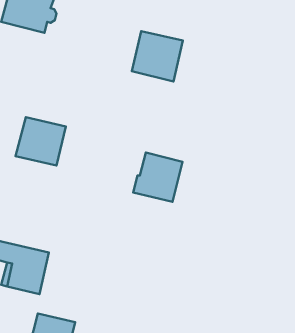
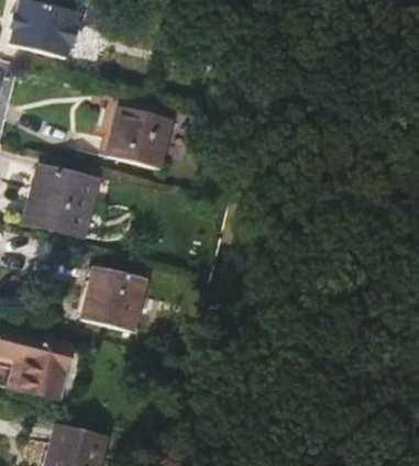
building: [132,31,183,81] -> [109,103,175,168]
building: [133,153,183,202] -> [84,264,147,328]

